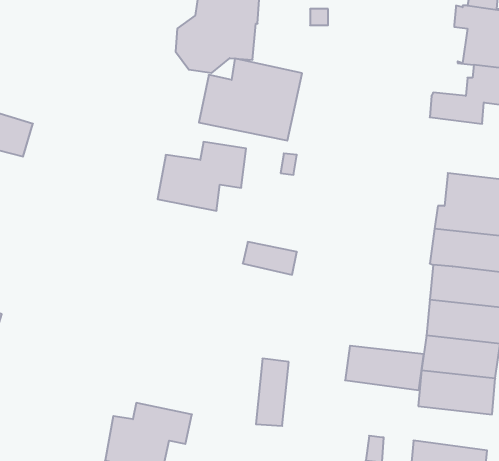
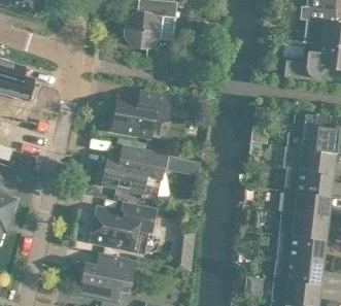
building: [199,58,302,141] -> [101,144,166,196]
building: none -> [90,203,155,251]
building: [345,346,424,390] -> [273,258,322,285]

